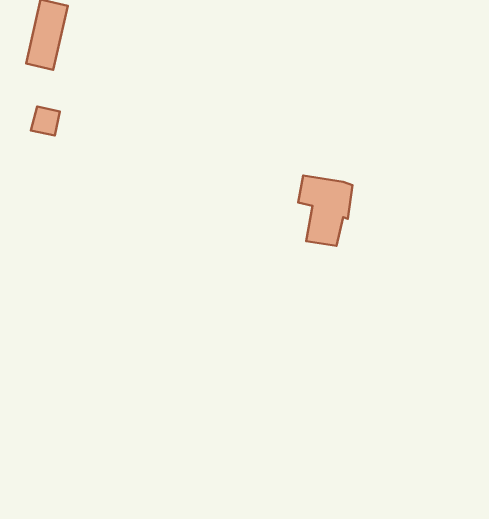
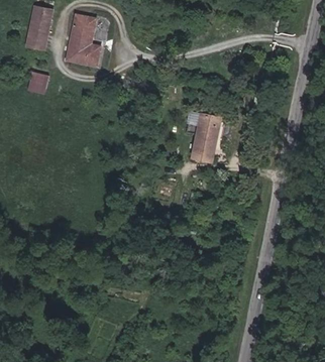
building: none -> [67,14,98,65]

